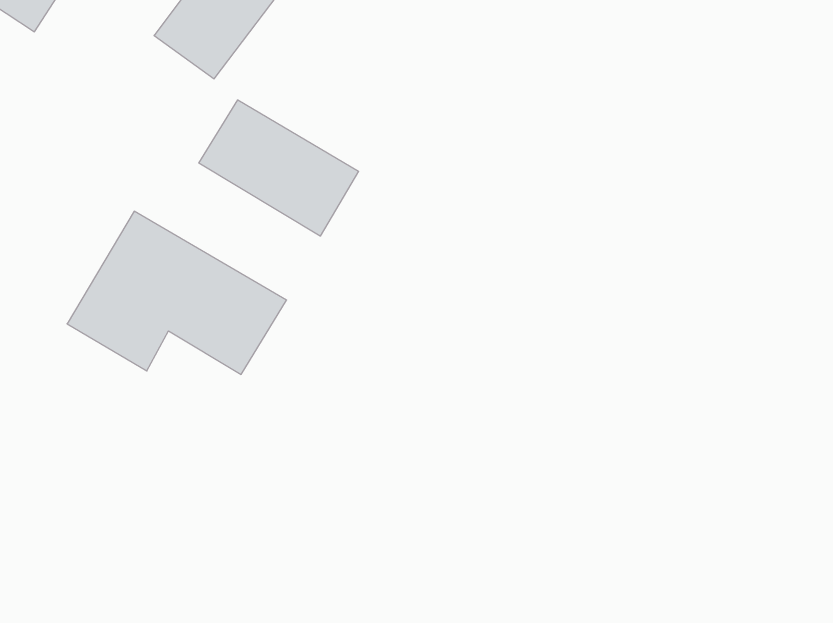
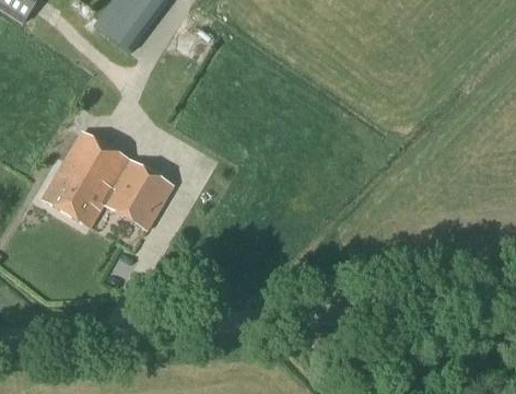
building: [199,100,359,236] -> none

